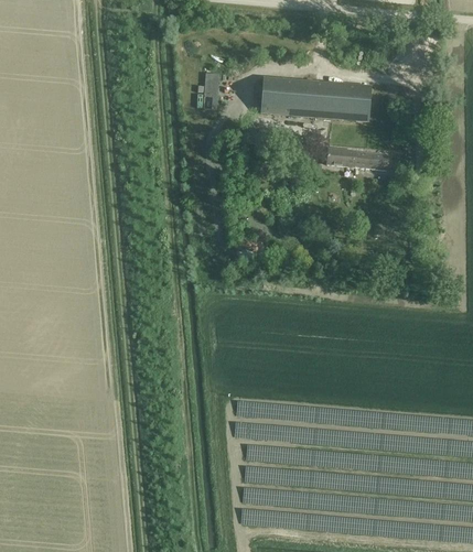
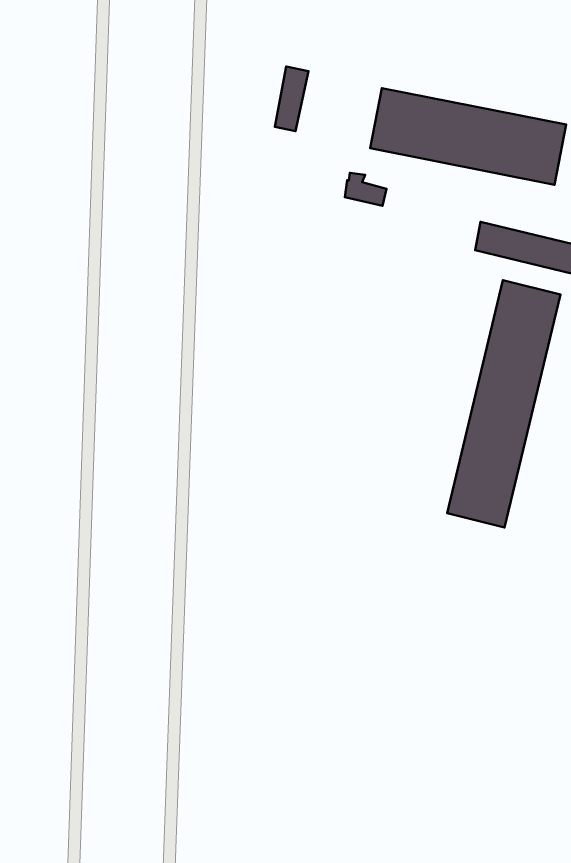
building: none -> [447,280,560,528]

